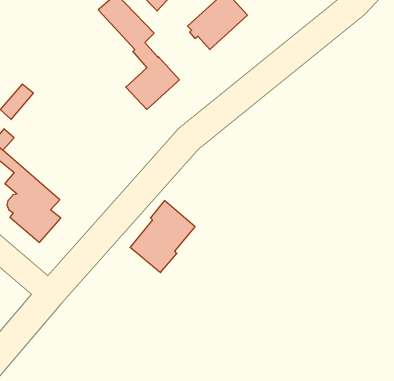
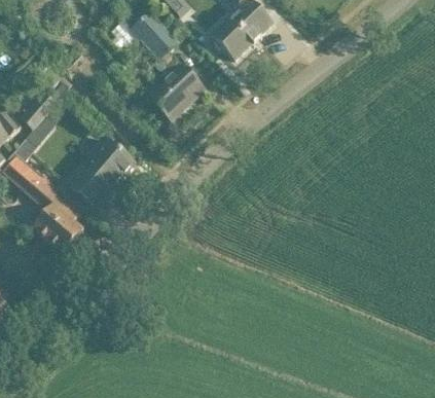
building: [130,201,195,273] -> [70,136,136,209]

